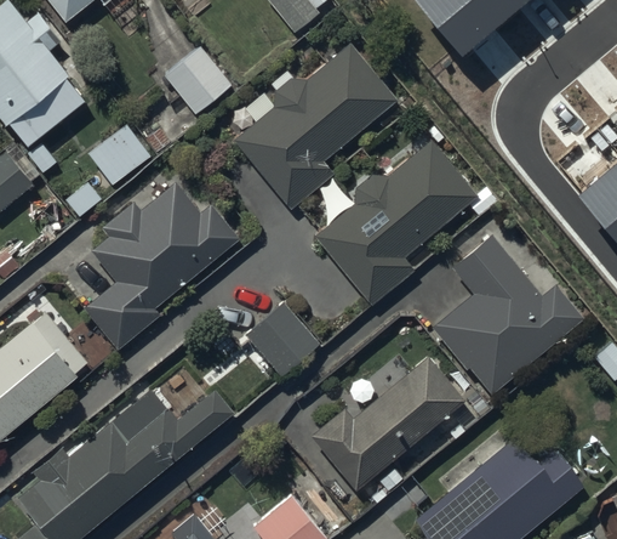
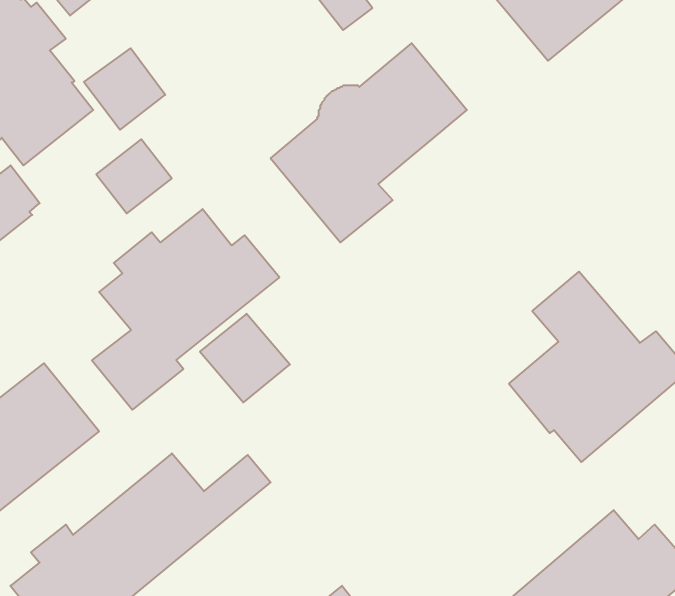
building: [164,47,232,115] -> [84,48,165,130]
building: [315,138,497,307] -> none
building: [245,302,320,376] -> [200,314,290,402]
building: [310,356,465,490] -> none

